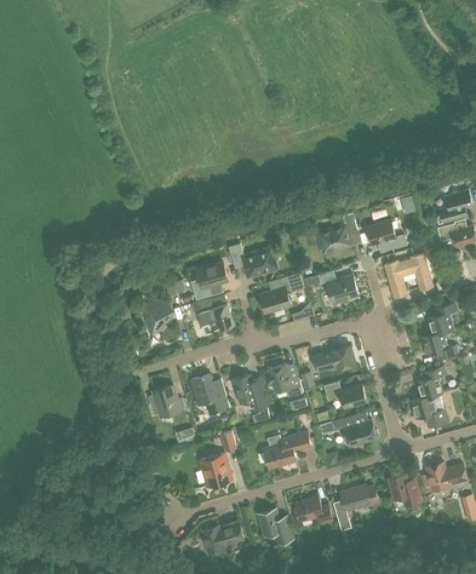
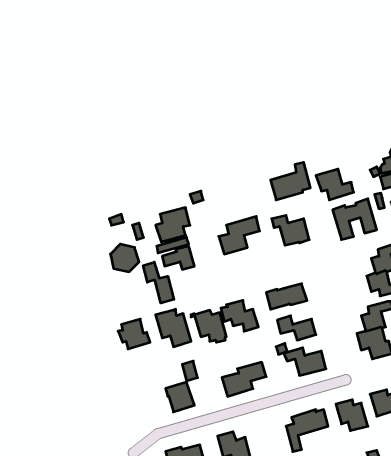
building: [241,247,277,277] -> none
building: none -> [143,262,174,303]
building: [294,495,333,524] -> none

